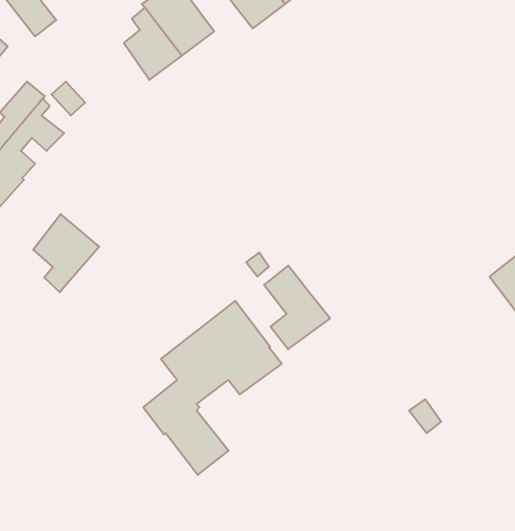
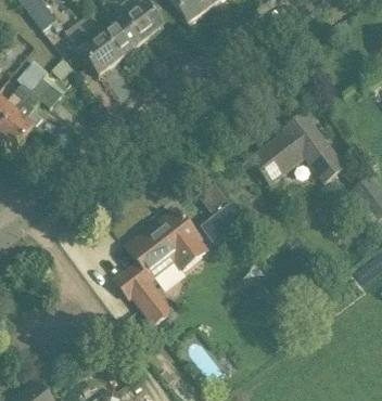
building: none -> [64,13,119,74]
building: none -> [250,111,345,182]
building: [33,214,99,292] -> none

